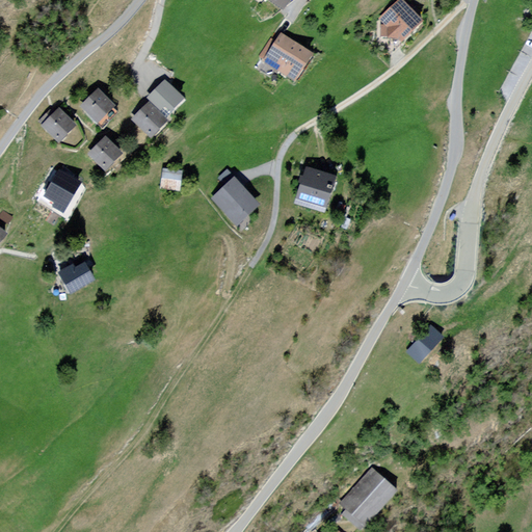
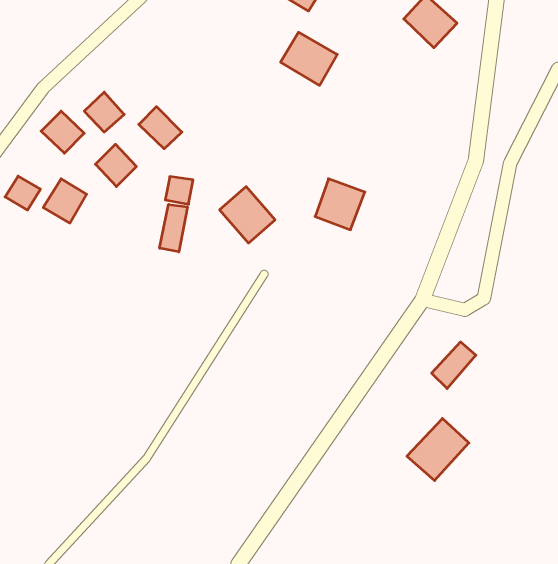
building: [149,79,189,118] -> none
building: none -> [5,176,40,210]
building: none -> [160,204,187,252]
building: [58,260,96,293] -> none
building: [331,464,390,523] -> [407,418,469,481]

